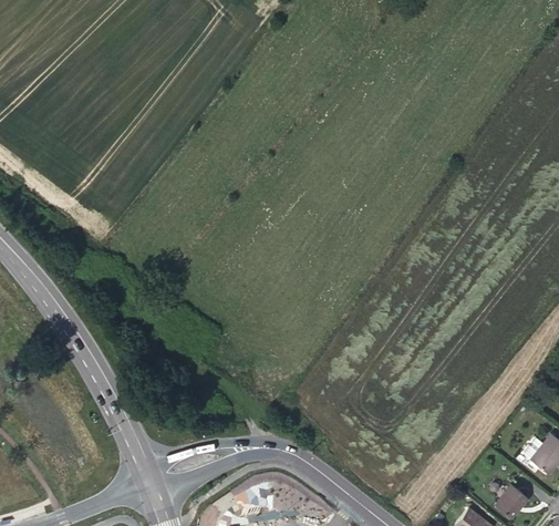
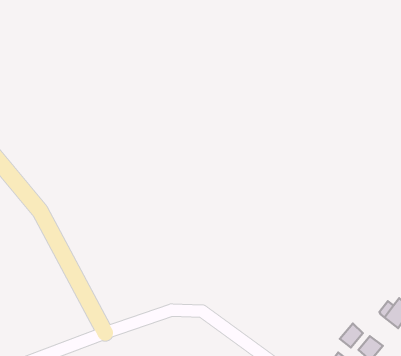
building: none -> [340,323,363,347]

